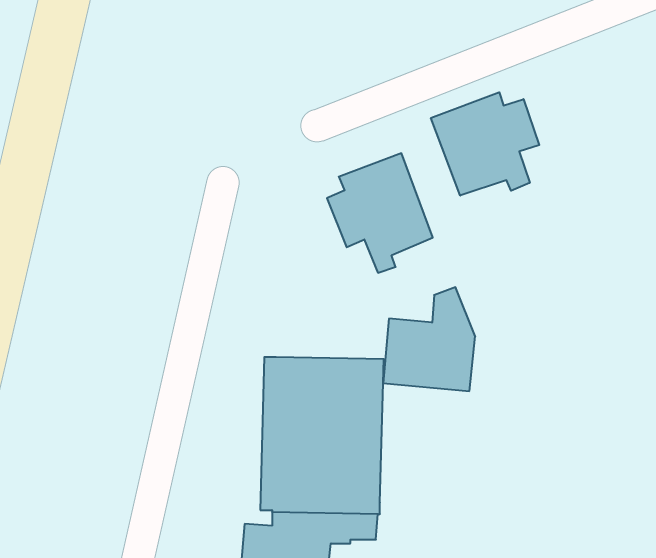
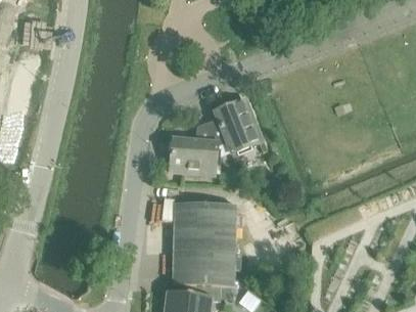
building: [431,92,539,196] -> none
building: [383,287,475,391] -> [170,121,218,175]

